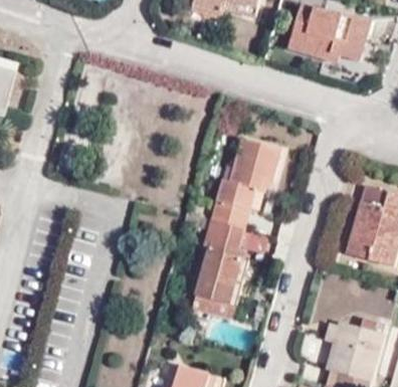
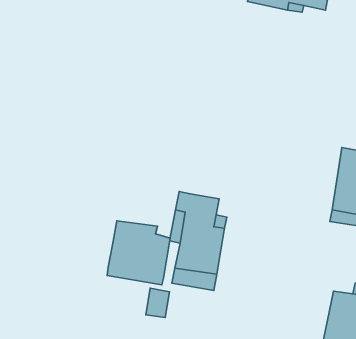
building: [215,139,281,229] -> none
building: none -> [107,221,170,285]

